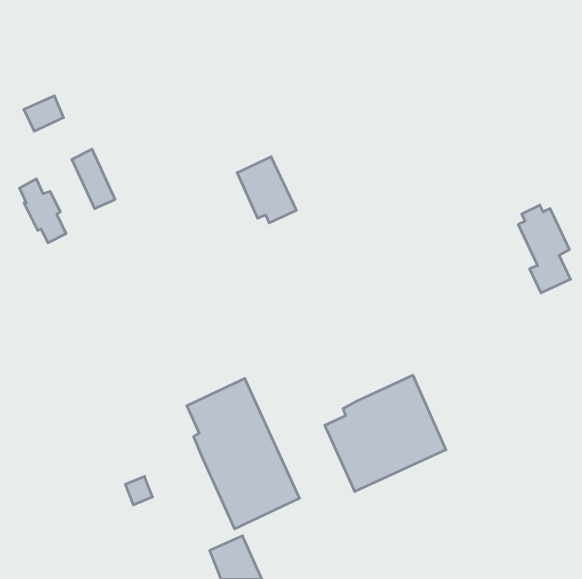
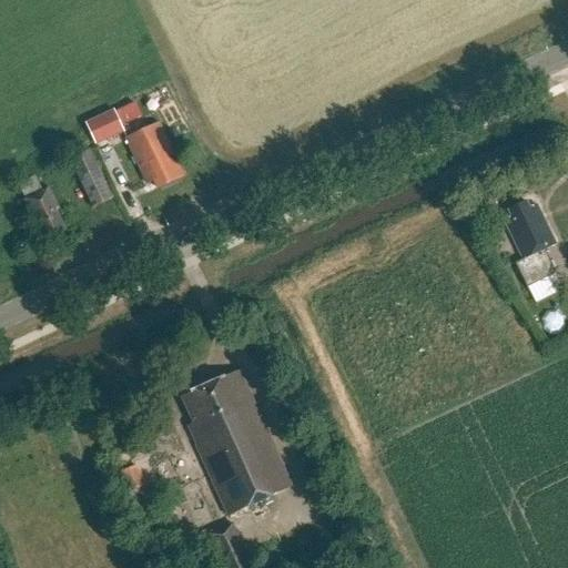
building: [24,96,64,131] -> [85,106,124,141]
building: [237,157,296,223] -> [126,122,184,186]
building: [325,375,446,492] -> none

